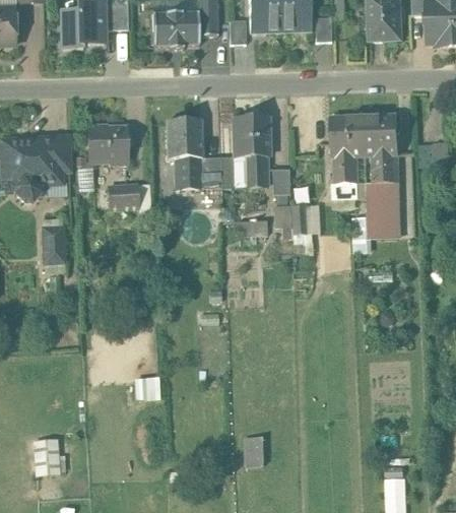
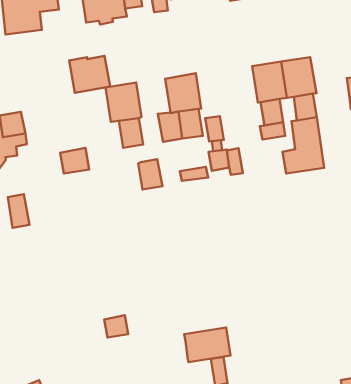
building: [86,126,128,164] -> [69,56,110,93]
building: [199,156,222,188] -> [138,159,162,190]
building: none -> [184,327,231,362]

